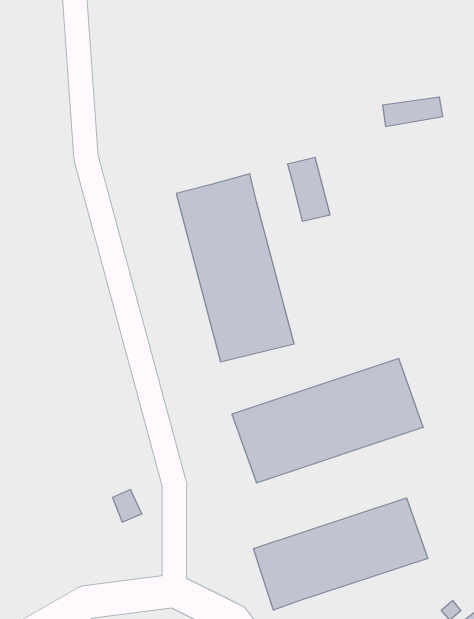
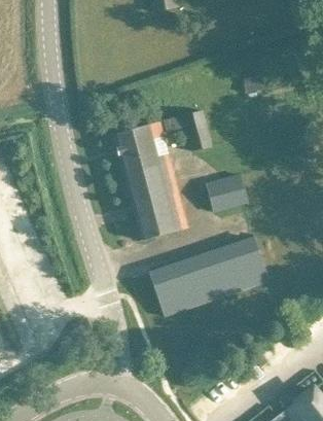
building: none -> [206,175,247,212]
building: [253,498,428,610] -> none

